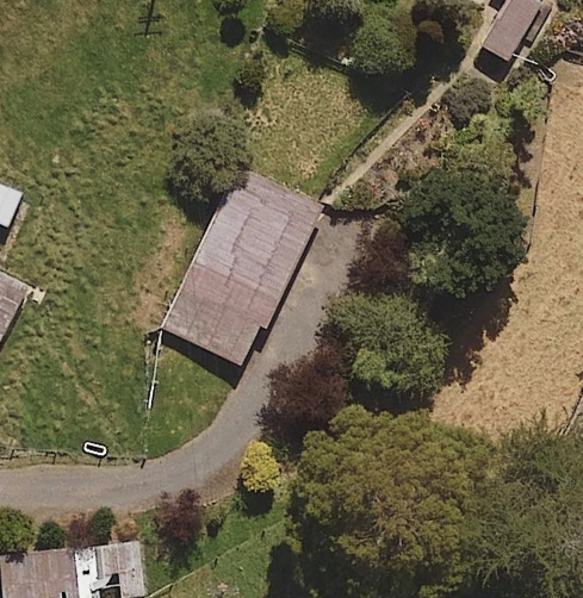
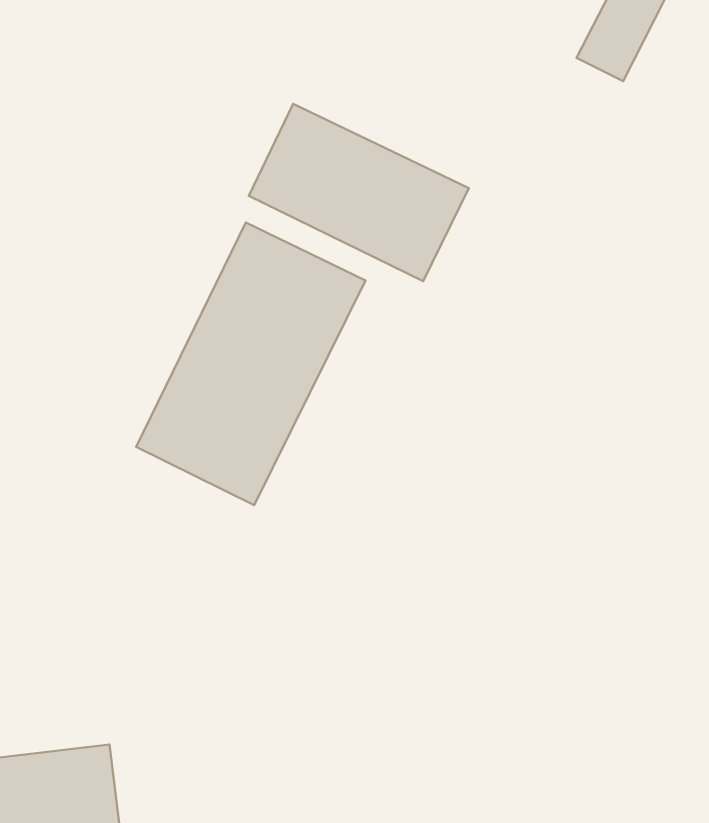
building: none -> [249,104,469,281]

